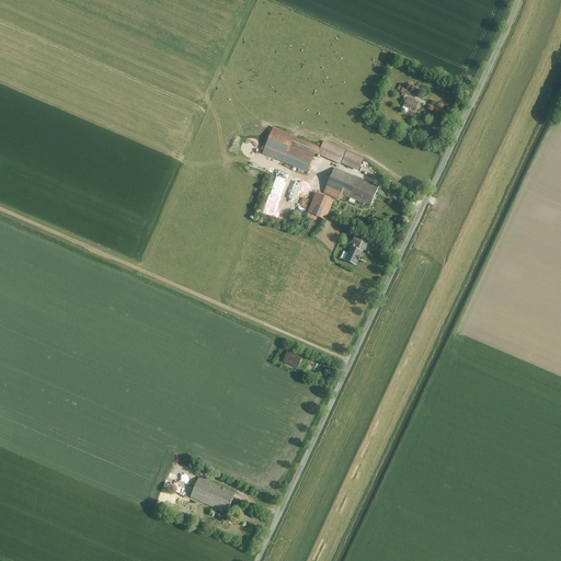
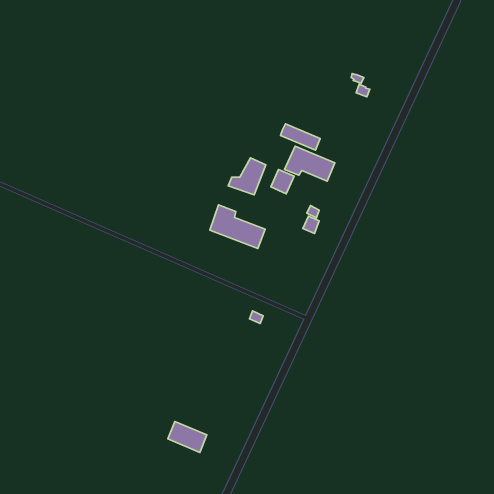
building: [261,127,319,171] -> none
building: none -> [210,205,265,249]

